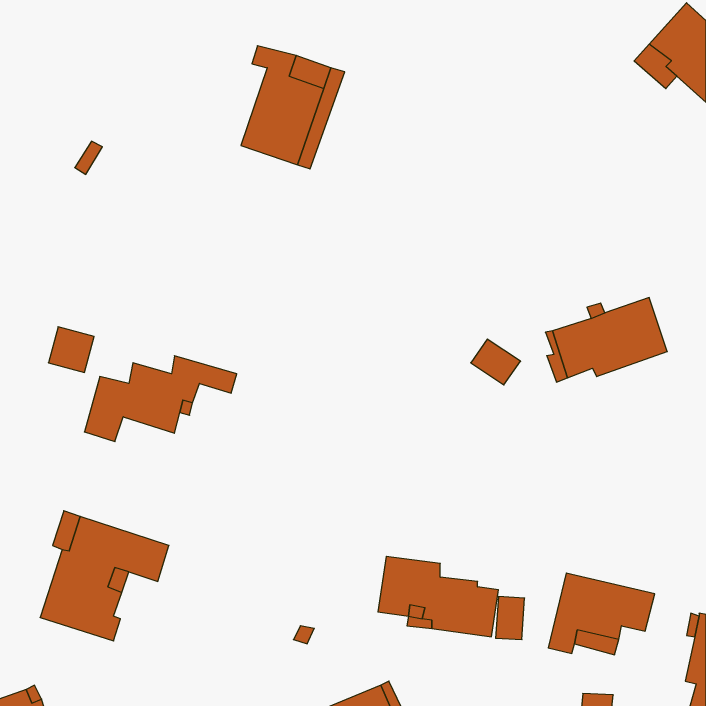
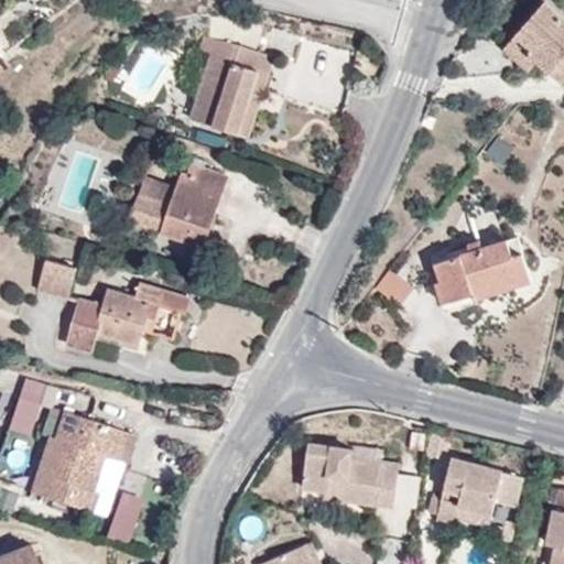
building: none -> [132,165,230,248]
building: none -> [9,384,43,437]
building: none -> [104,492,141,547]

